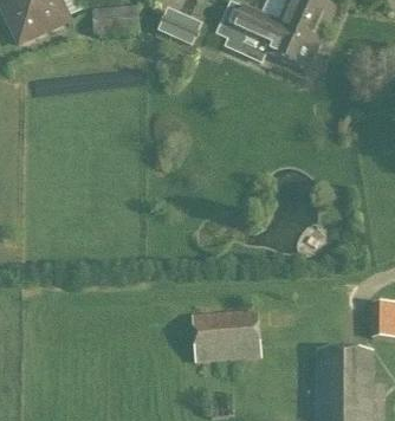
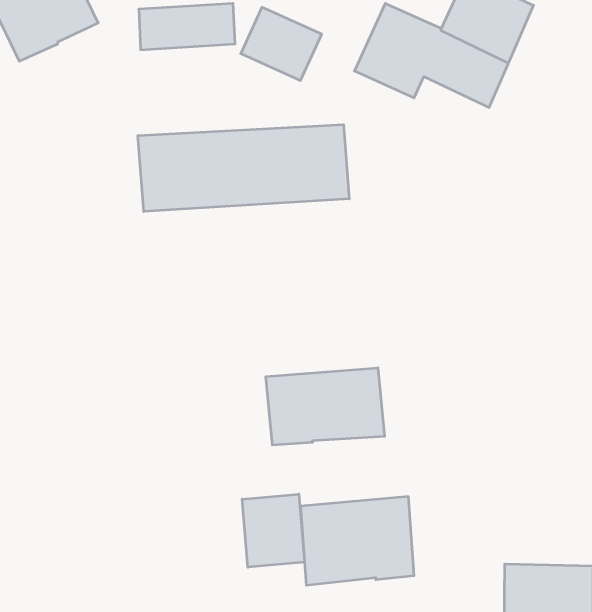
building: none -> [138,125,349,212]
building: none -> [266,368,385,445]
building: none -> [242,494,305,567]

